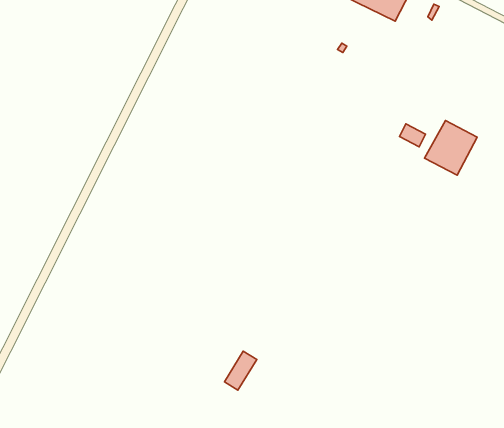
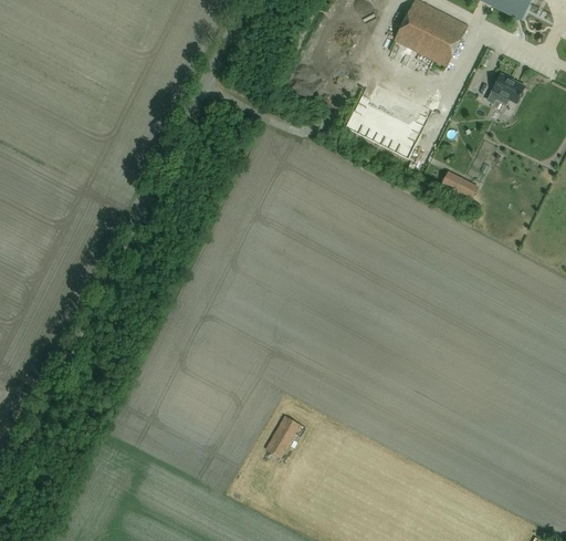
building: none -> [488,73,524,103]
building: [424,120,477,175] -> none

